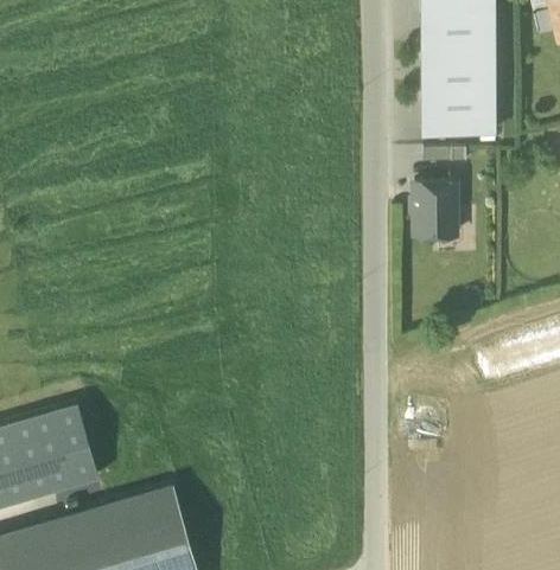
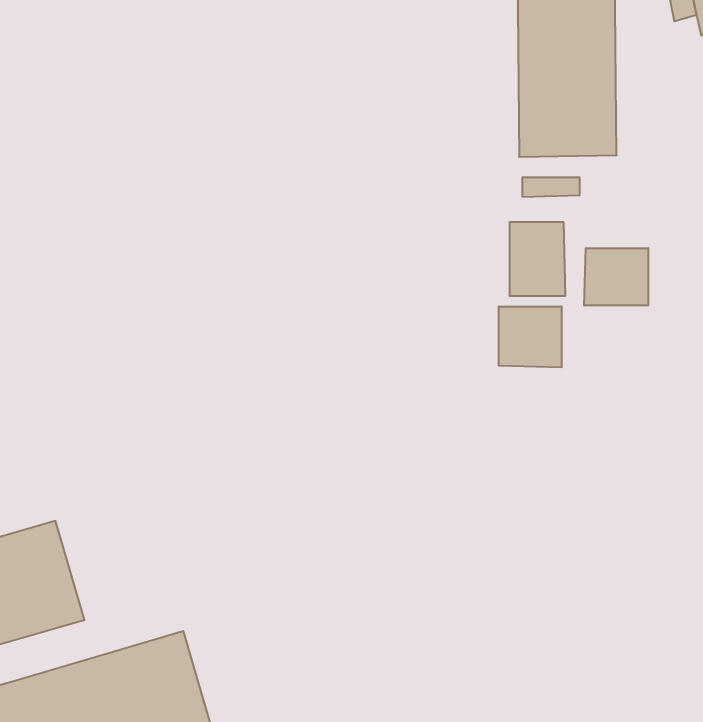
building: none -> [584,248,648,305]
building: none -> [499,306,562,367]

